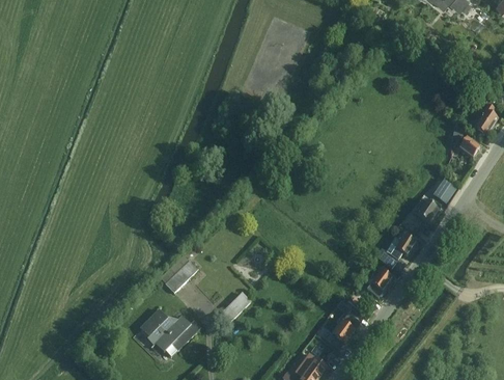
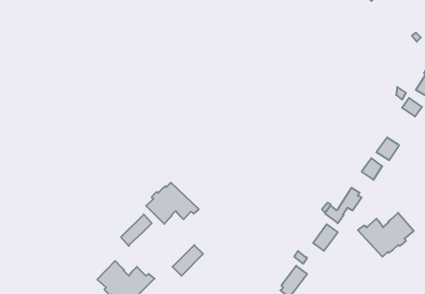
building: none -> [146,183,199,224]
building: none -> [358,213,414,257]

